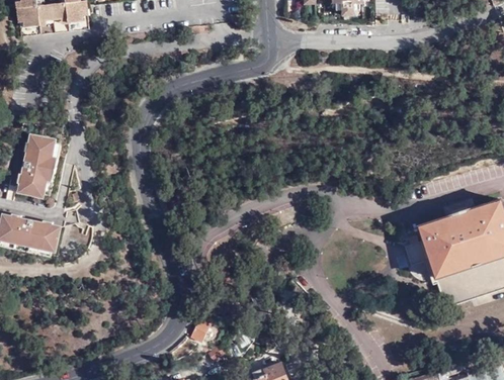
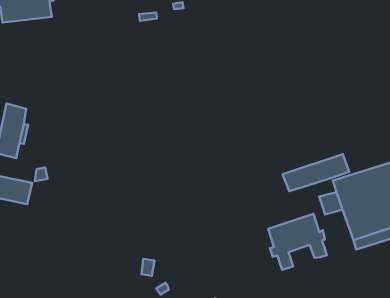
building: none -> [283,154,349,191]
building: none -> [268,214,327,270]

